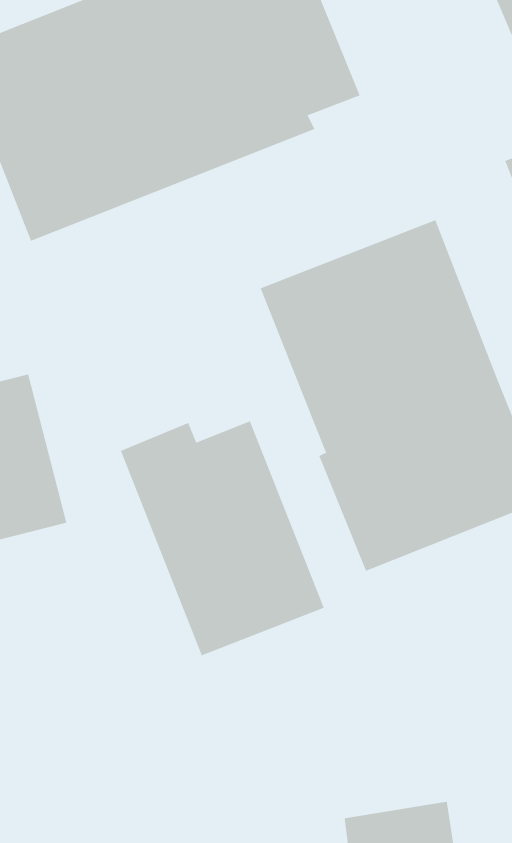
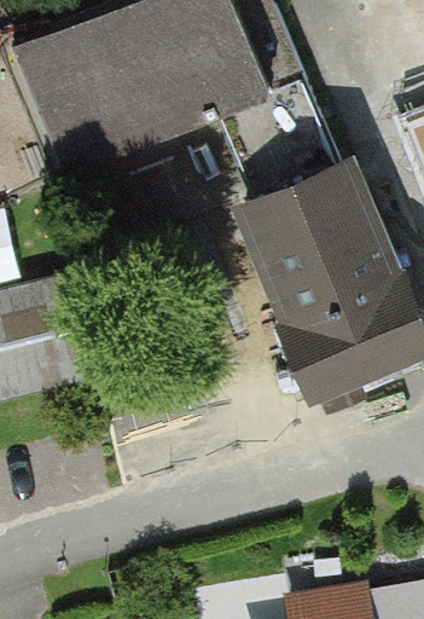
building: [120,421,325,656] -> none

